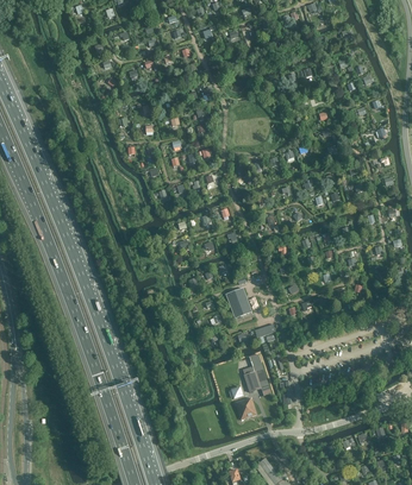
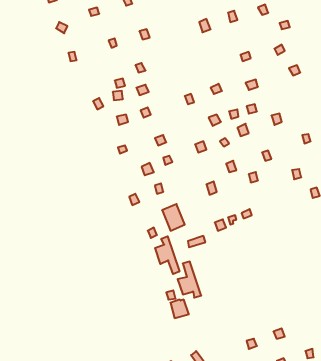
building: none -> [155,236,179,274]

